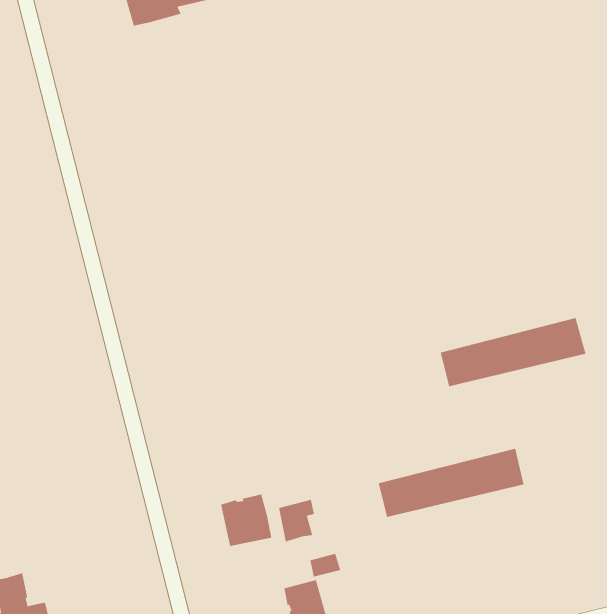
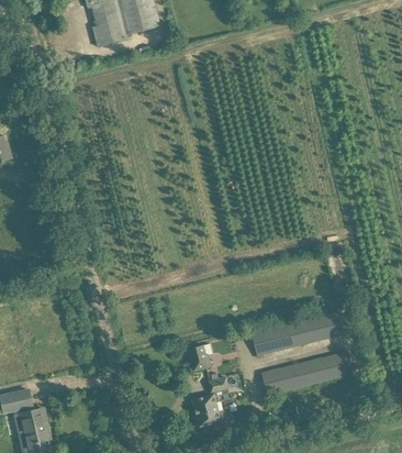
building: [440,317,587,387] -> [260,351,353,395]
building: [220,494,272,547] -> none

